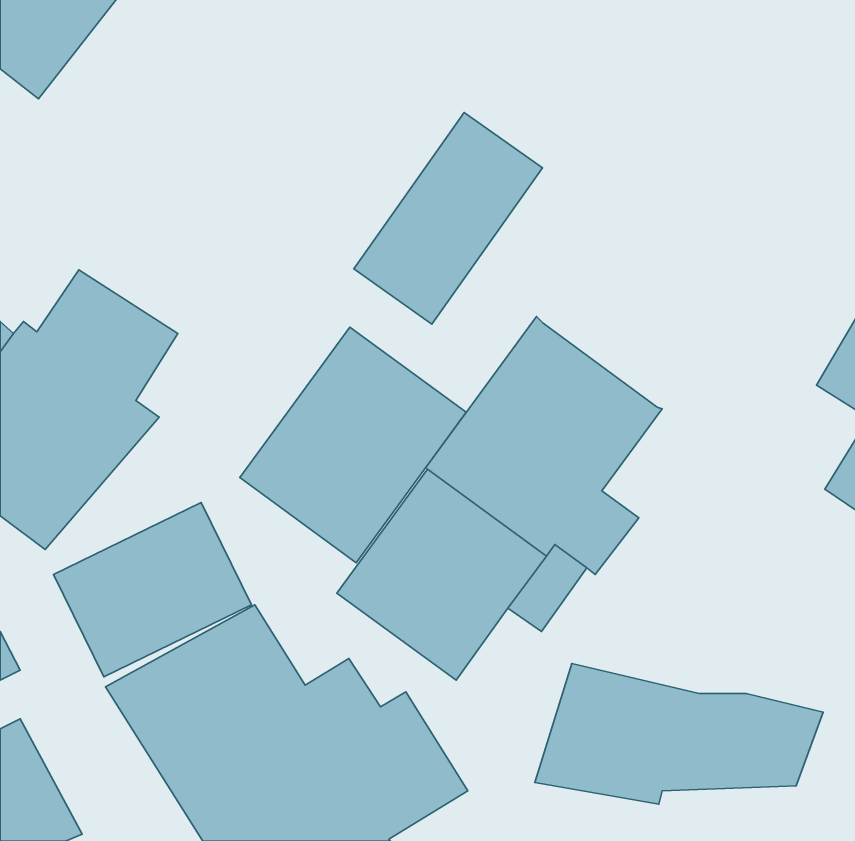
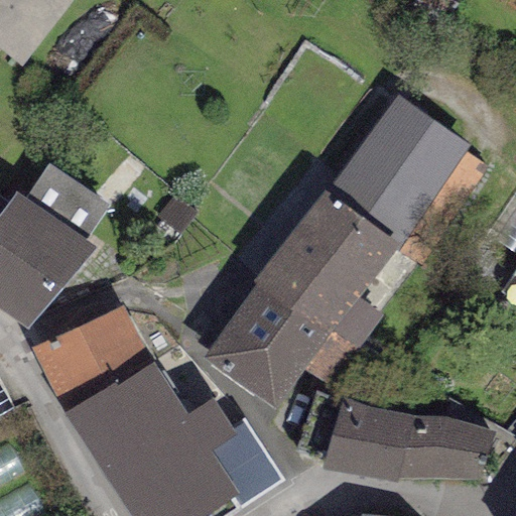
building: [354,112,542,324] -> none
building: none -> [328,94,469,245]
building: [240,327,466,563] -> none

